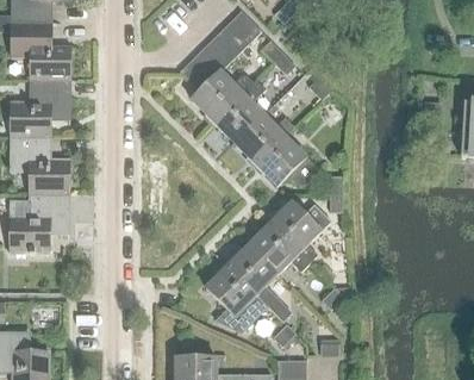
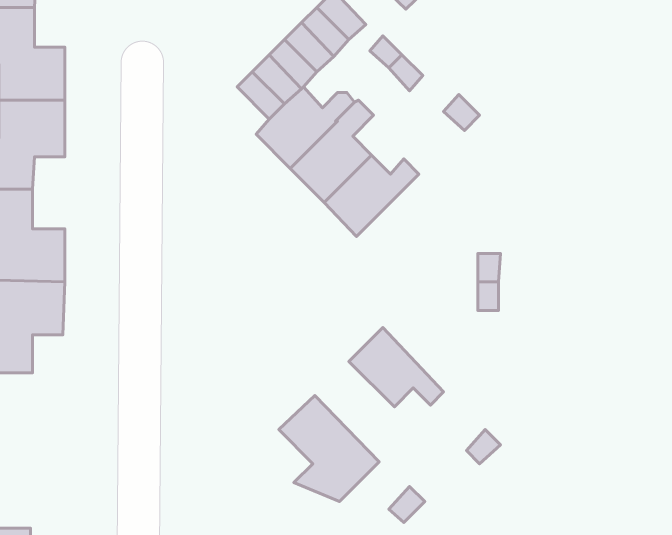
building: [254,135,319,186] -> none
building: [270,201,331,262] -> none
building: [227,243,293,320] -> none

